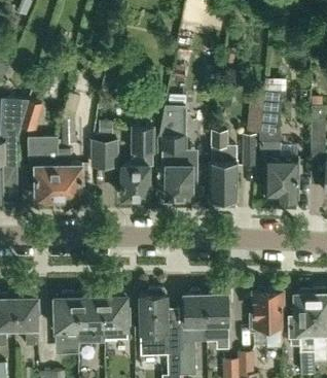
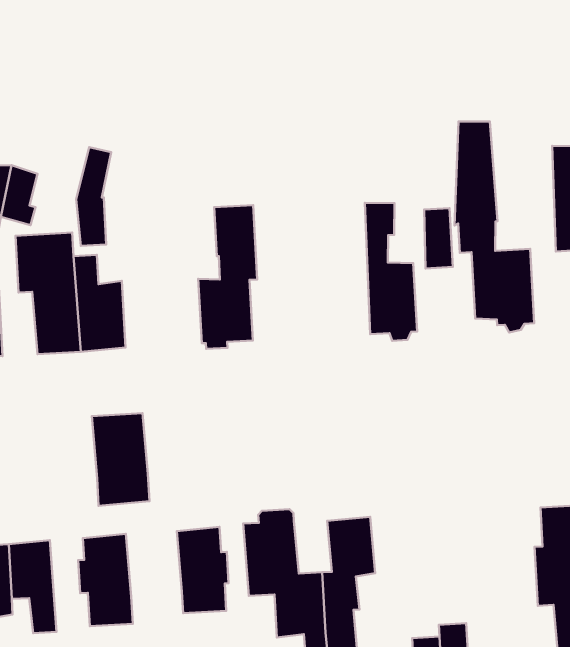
building: [158,106,196,200] -> none
building: [90,140,118,167] -> none
building: [254,293,282,346] -> none
building: [206,295,228,349] -> none
building: [77,297,105,344] -> [92,413,149,506]

